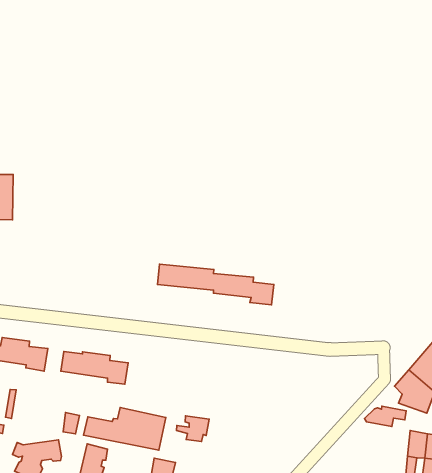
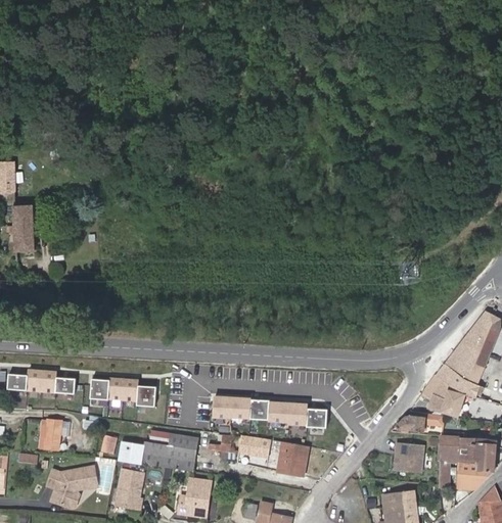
building: [157,264,274,305] -> [213,395,328,429]
building: none -> [44,419,61,449]
building: none -> [238,436,270,456]
building: none -> [276,442,309,478]
building: none -> [393,442,423,473]

